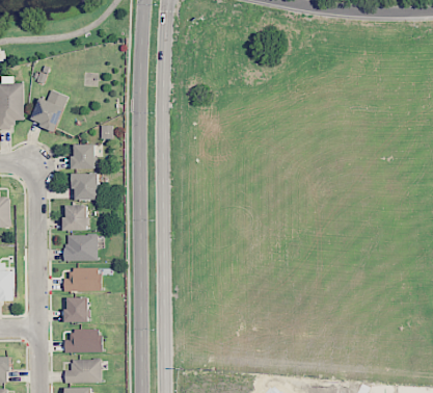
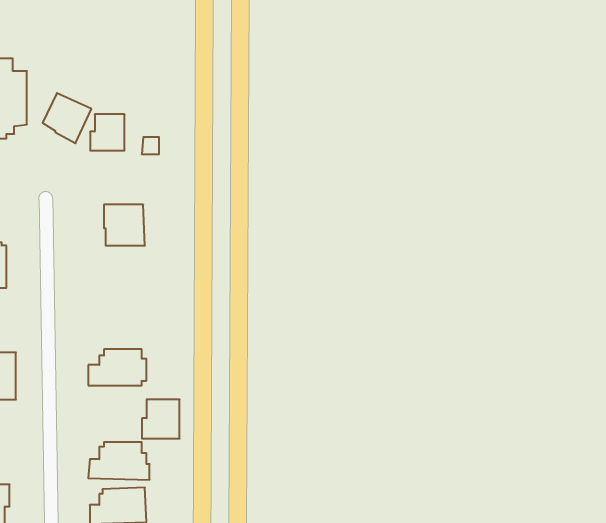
building: [71,143,93,167] -> [90,114,125,150]
building: [62,205,86,229] -> none
building: [62,235,97,260] -> none
building: [64,296,89,322] -> [142,399,180,439]

